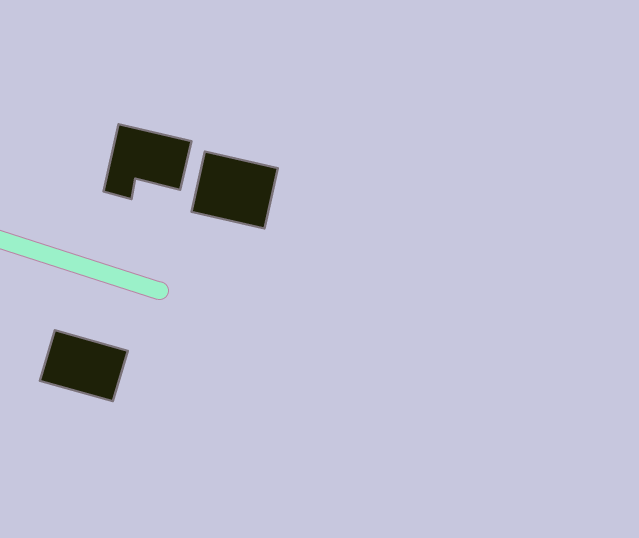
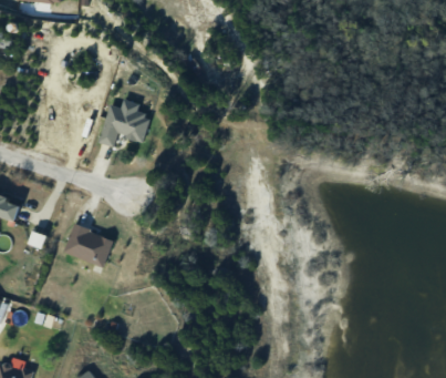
building: [192,151,278,229] -> none

